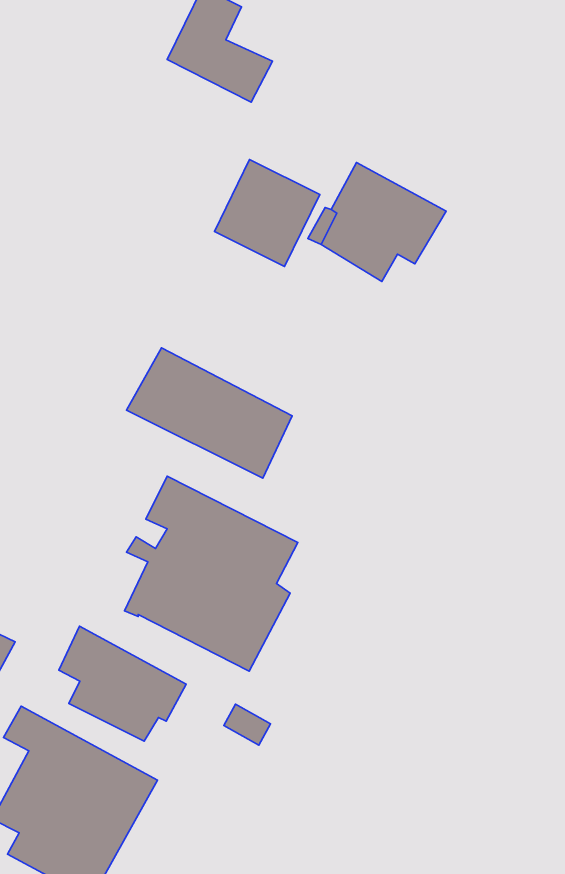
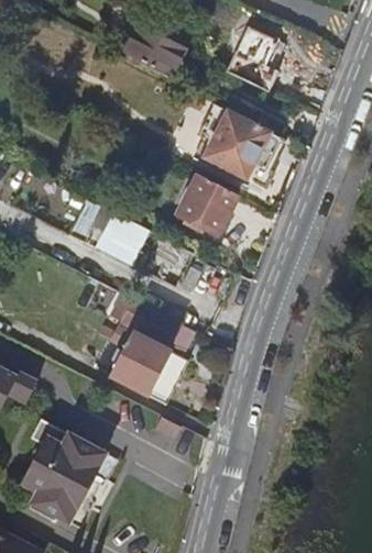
building: none -> [222,27,276,92]
building: [214,159,320,267] -> [176,173,236,233]
building: [59,626,186,741] -> none

